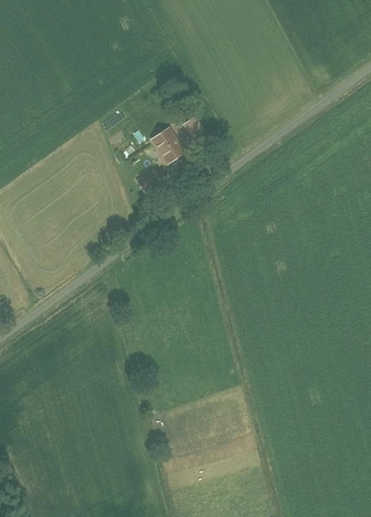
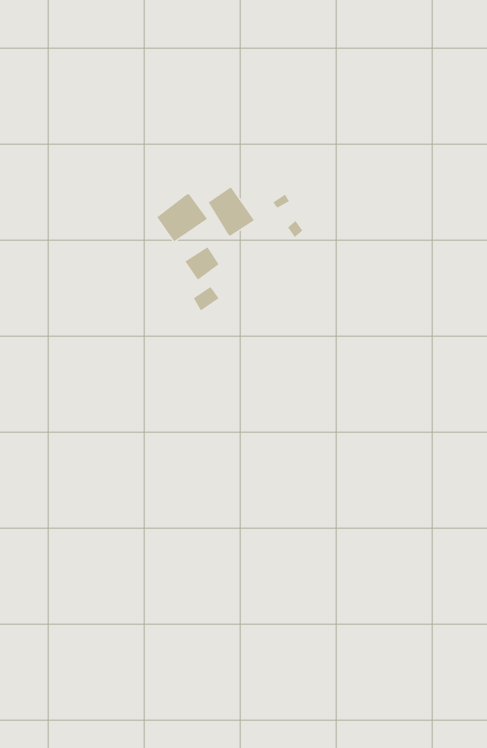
building: none -> [157,193,208,242]

